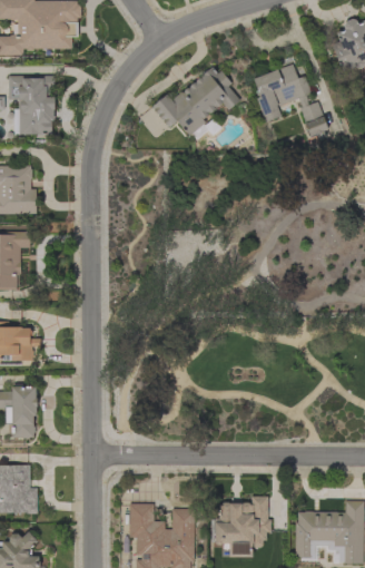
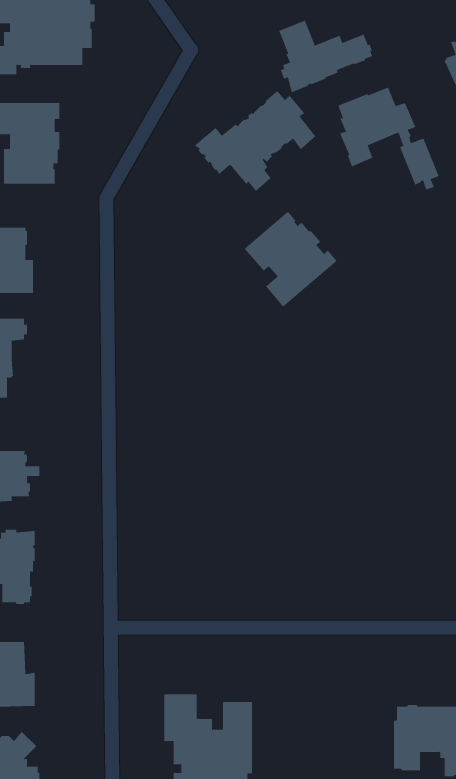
building: none -> [279,20,373,93]
building: none -> [244,211,337,307]
building: [215,496,270,550] -> none

